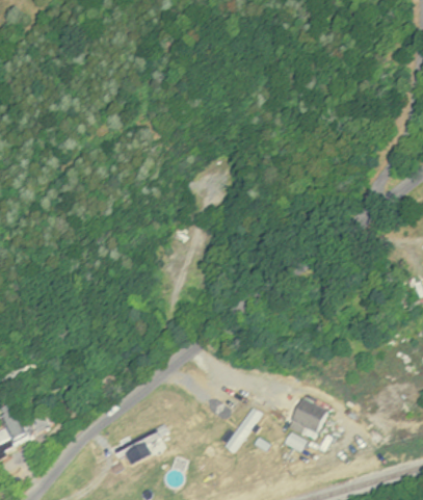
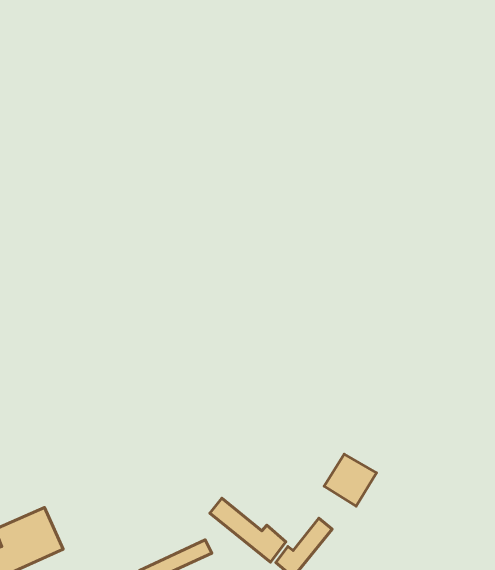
building: none -> [210,498,286,562]
building: [287,399,327,440] -> [324,454,376,506]

